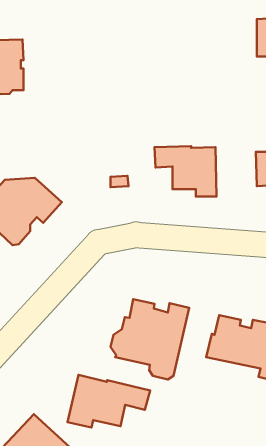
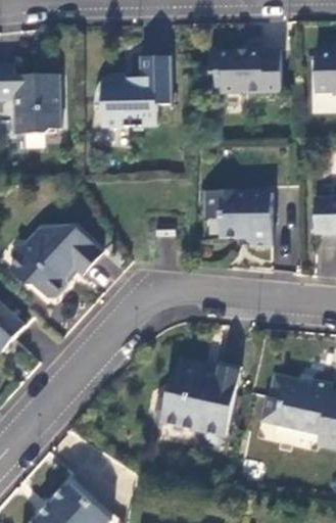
building: none -> [209,47,281,92]
building: none -> [93,55,172,130]
building: [67,375,150,427] -> none

